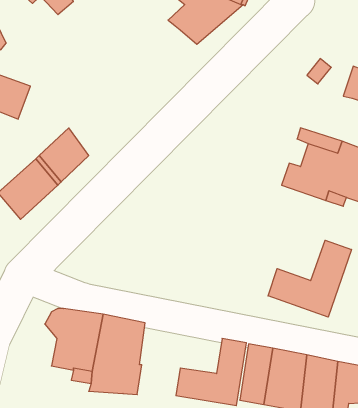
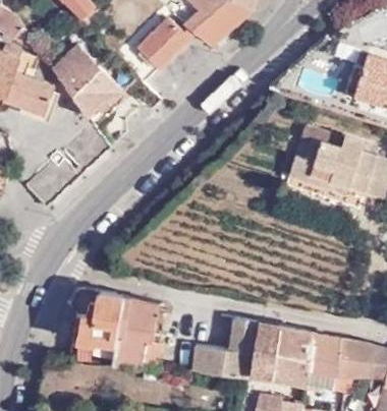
building: none -> [122,19,194,85]
building: none -> [51,45,122,118]
building: [268,240,351,317] -> none

